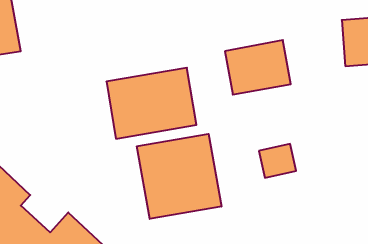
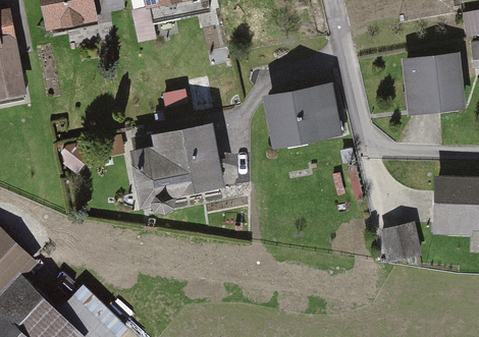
building: [137,134,221,219] -> none
building: [259,144,296,178] -> [377,221,421,261]

